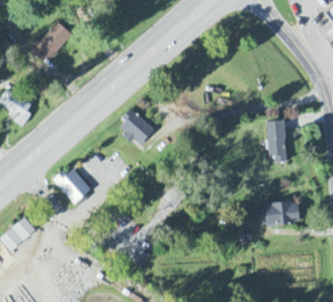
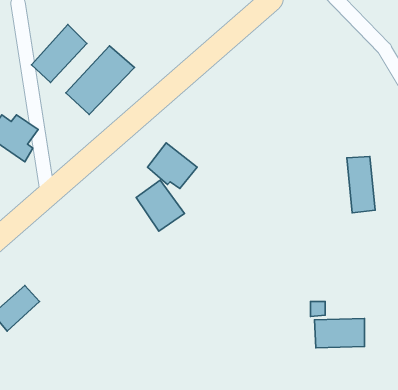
building: none -> [66,46,134,115]
building: [54,165,90,204] -> [136,180,185,231]
building: [260,202,298,224] -> [315,318,364,348]

